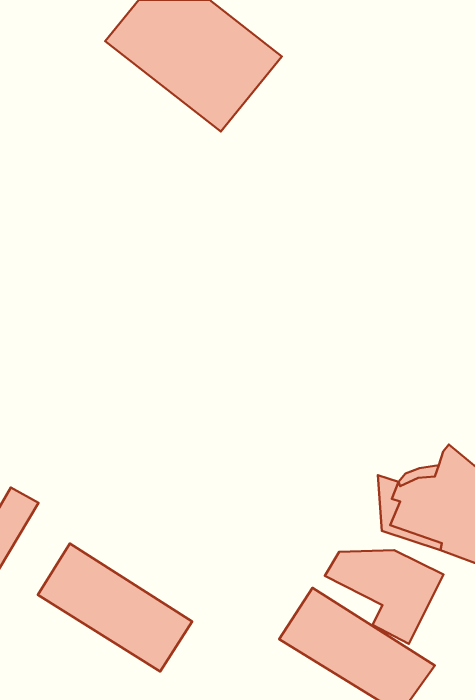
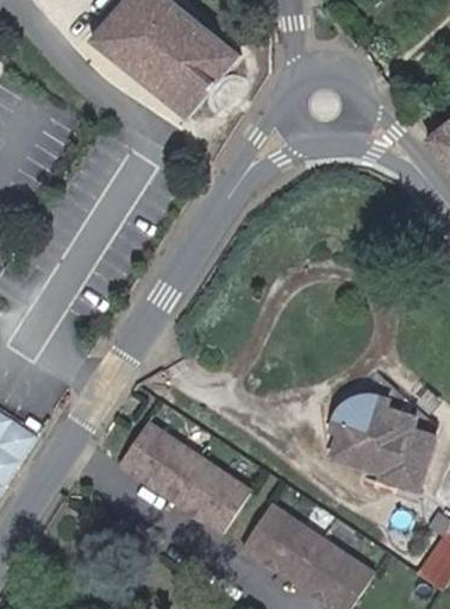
building: [38,543,192,671] -> [117,426,249,535]
building: [325,550,444,644] -> none

